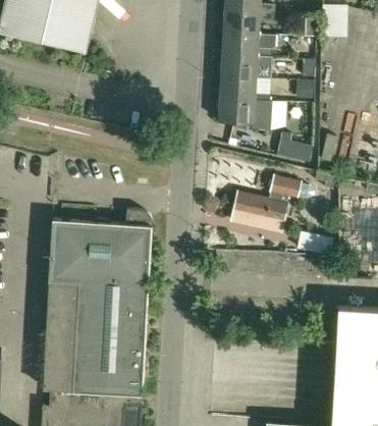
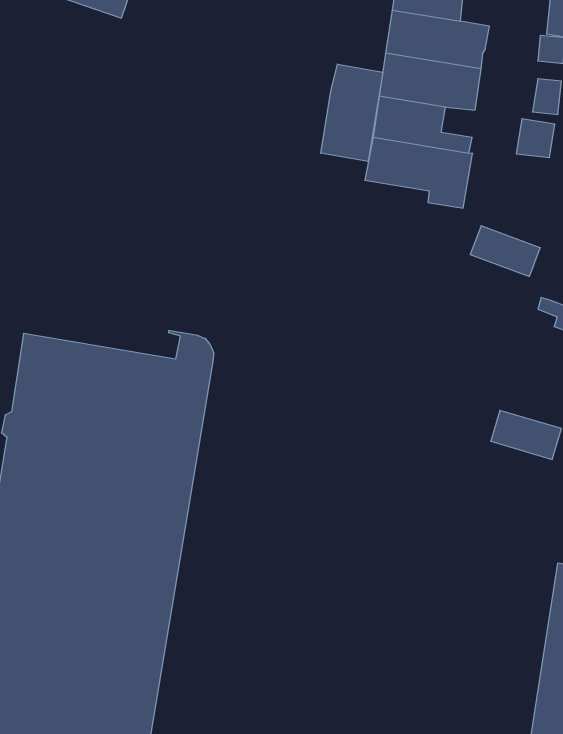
building: none -> [321,64,383,162]
building: [231,176,313,231] -> none

